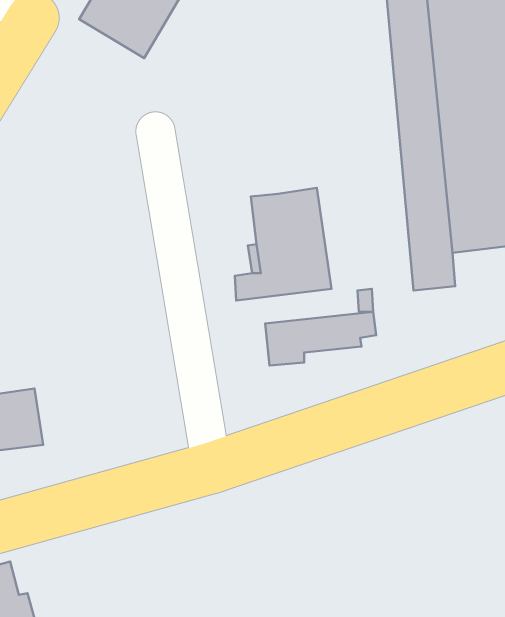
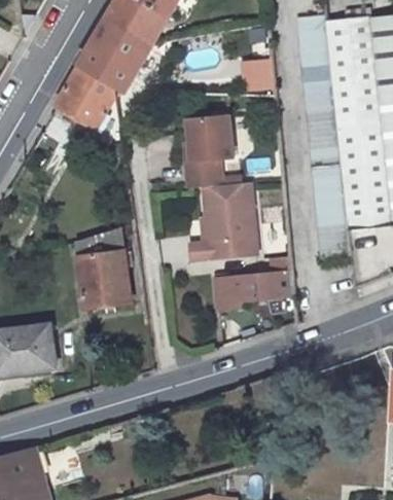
building: none -> [240,56,274,90]
building: none -> [57,62,127,156]
building: none -> [184,116,229,190]
building: none -> [76,227,130,306]

